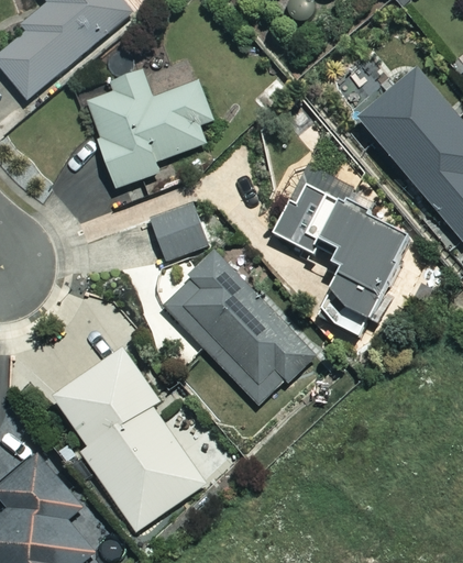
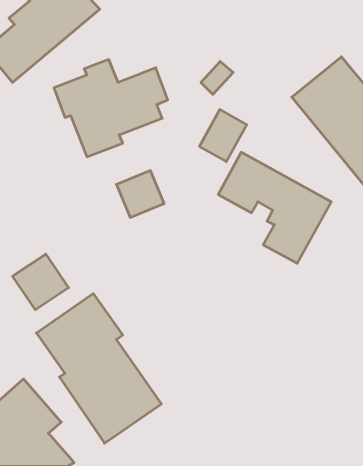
building: none -> [200,109,247,162]
building: [162,251,315,406] -> none
building: none -> [13,254,69,310]

